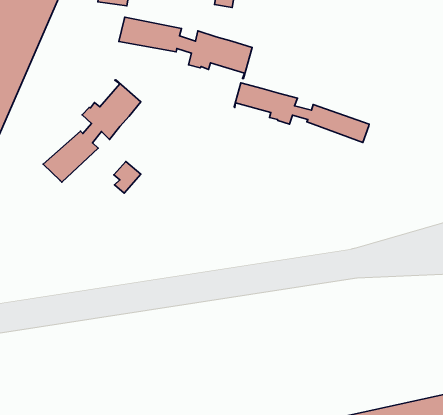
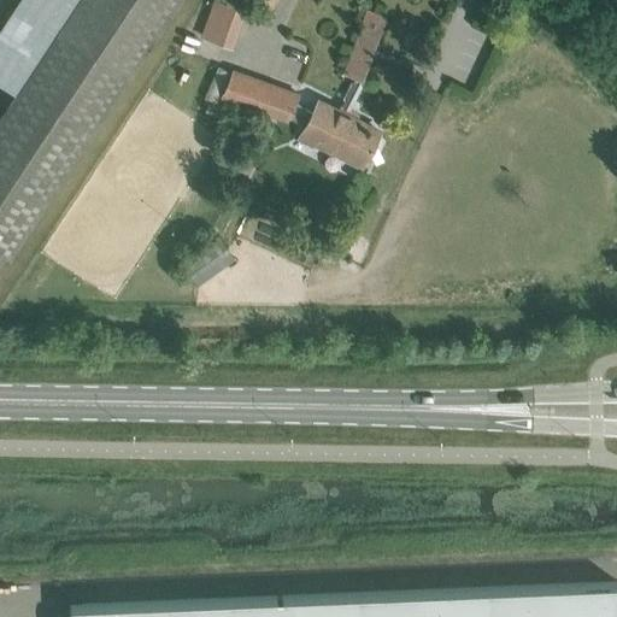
building: [43,80,141,182] -> none
building: [234,83,369,142] -> none

